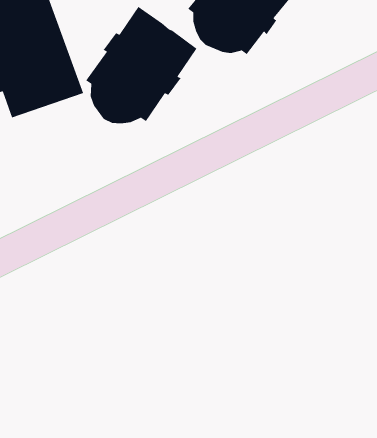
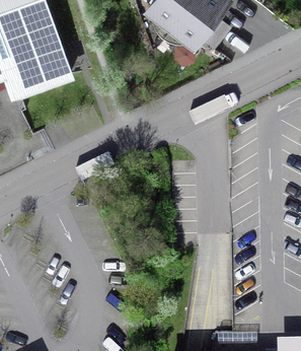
building: [85,6,198,124] -> none

